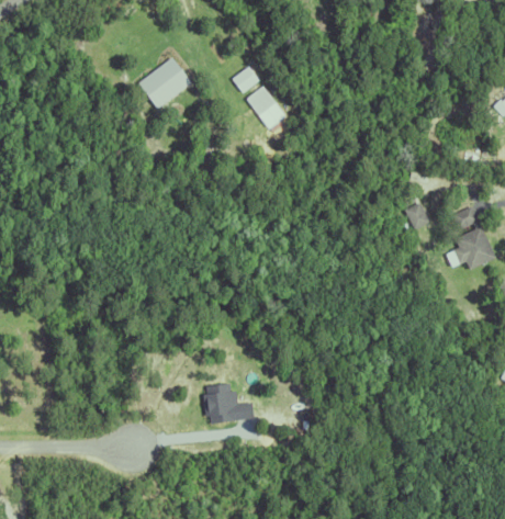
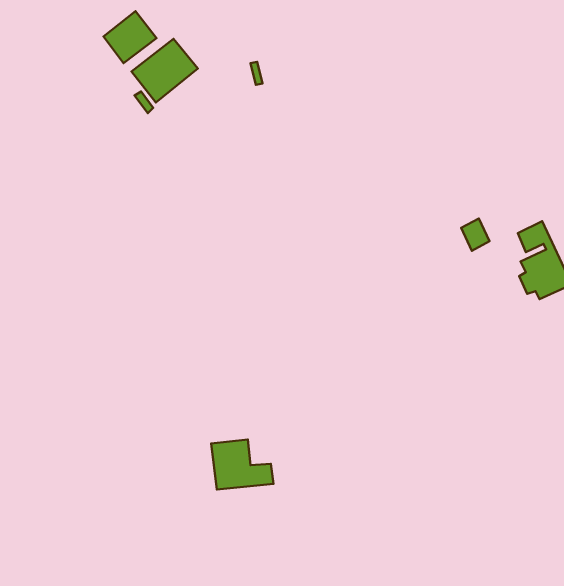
building: none -> [103,11,157,63]
building: [247,86,288,131] -> none

